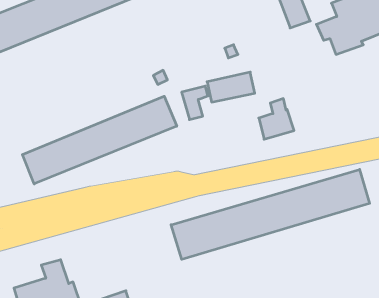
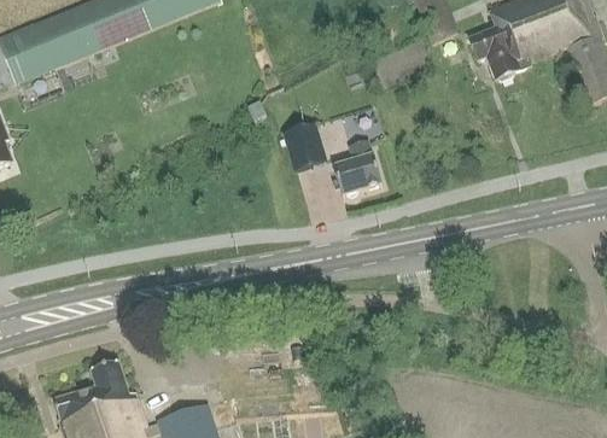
building: [22,96,177,184] -> none
building: [259,99,294,139] -> [334,140,383,195]
building: [171,169,370,259] -> none

